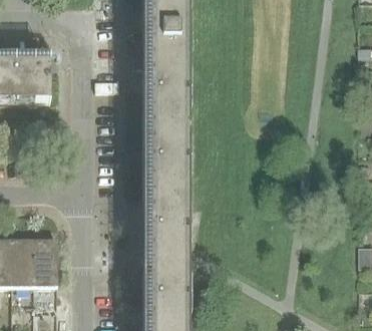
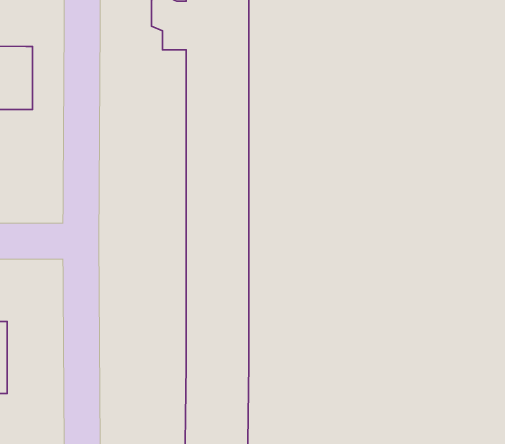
building: [32,236,56,282] -> none

